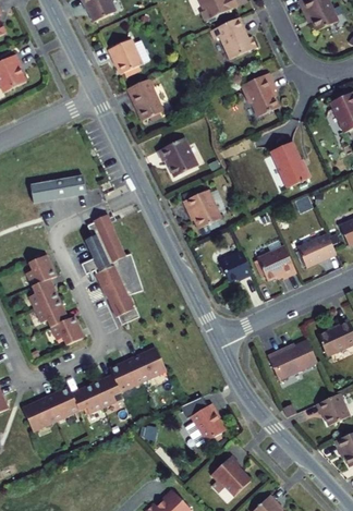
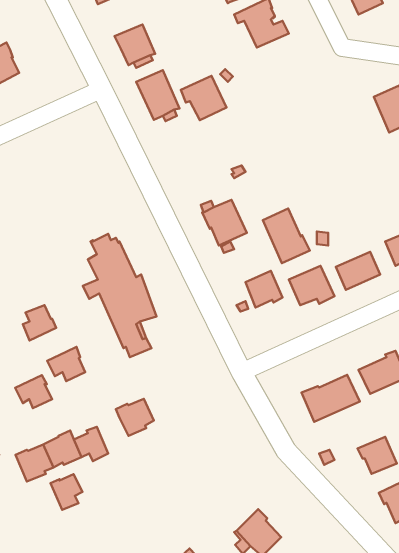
building: [241,73,279,117] -> none
building: [158,138,197,177] -> [181,76,227,120]
building: [270,142,311,188] -> [263,209,310,263]
building: [31,177,86,203] -> none
building: [26,255,57,287] -> none
building: [35,300,66,328] -> [15,375,52,408]
building: [133,348,167,379] -> none
building: [93,377,120,407] -> [51,474,82,510]
building: [186,403,226,446] -> none

